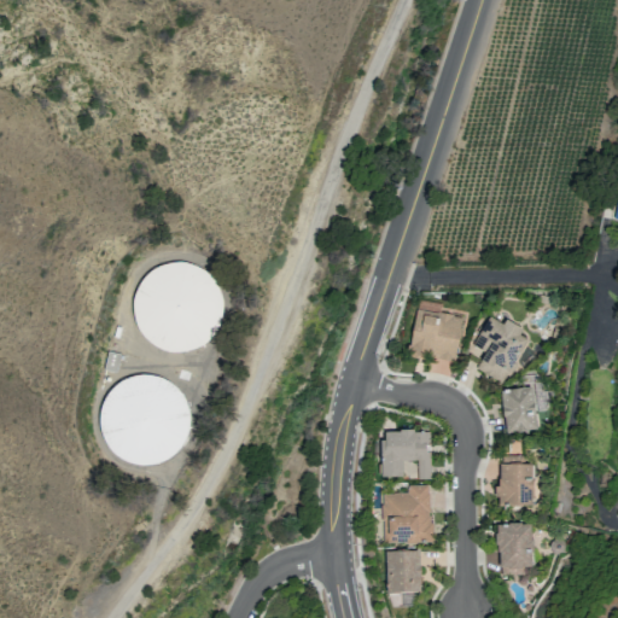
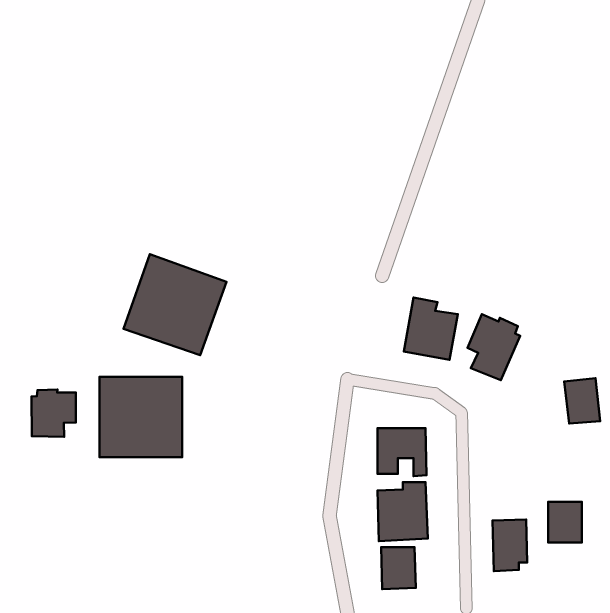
building: [502,386,538,432] -> [564,378,600,424]
building: none -> [32,389,76,437]
building: [500,465,534,506] -> [548,502,582,543]

